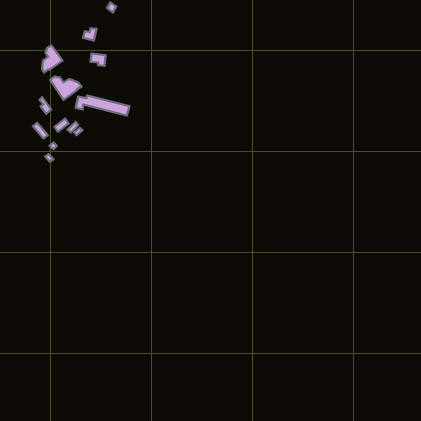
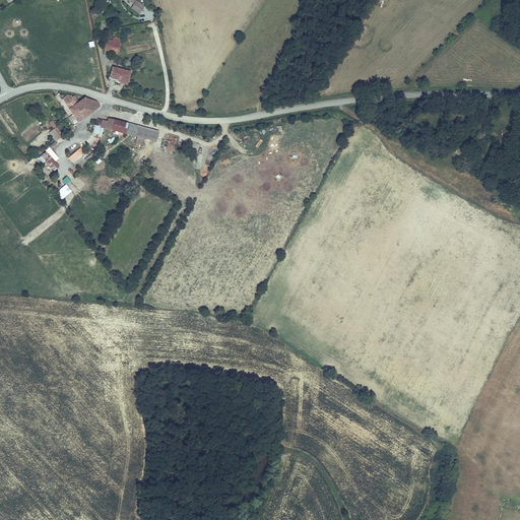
building: [42,45,62,72] -> none

